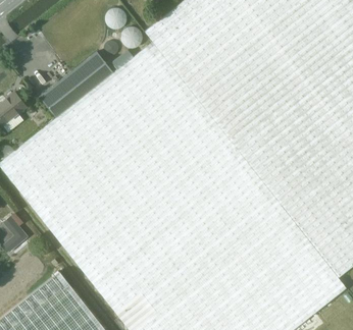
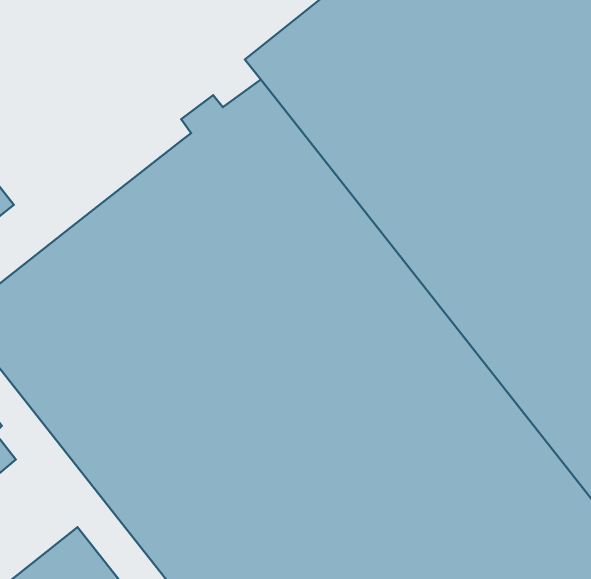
building: [39,51,112,117] -> none

